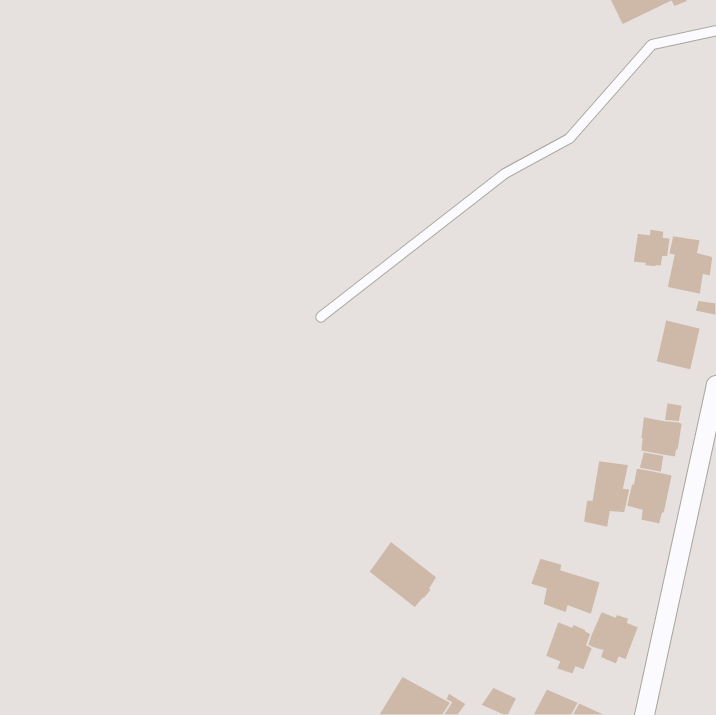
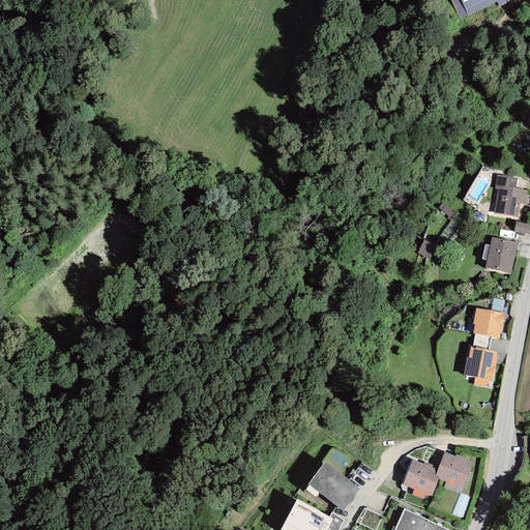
building: [633,229,670,267] -> none
building: [583,460,630,528] -> none
building: [368,541,437,608] -> [308,461,359,510]
building: [530,558,601,615] -> none

